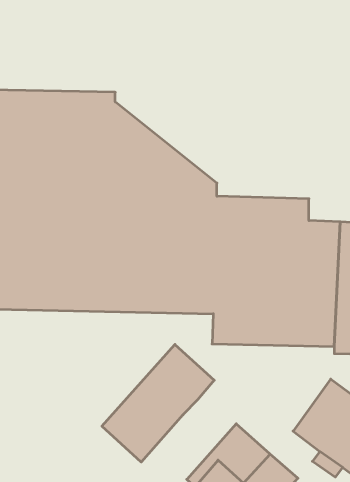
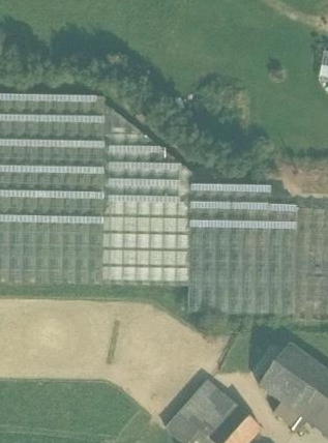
building: [102,344,214,462] -> none

